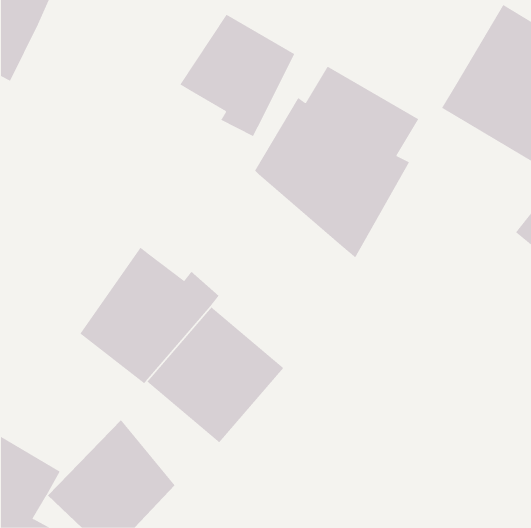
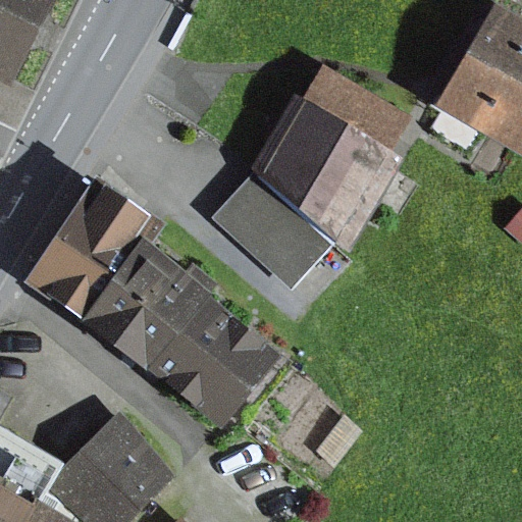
building: [179,14,295,137] -> none
building: none -> [212,170,335,289]
building: none -> [22,176,164,325]

